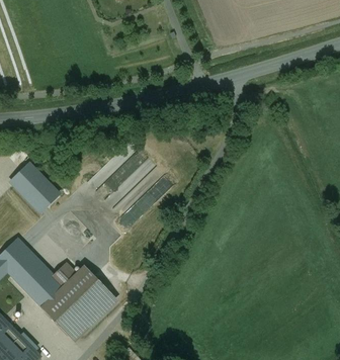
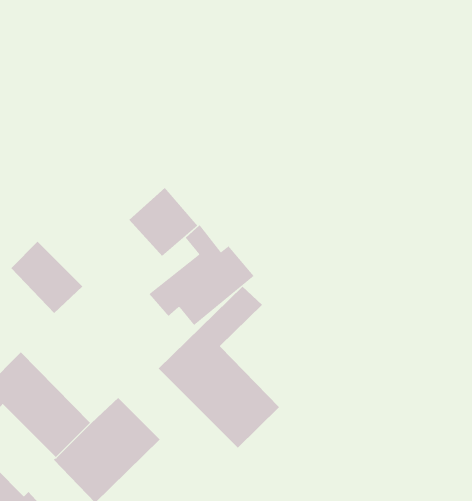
building: none -> [128,187,198,257]
building: none -> [158,286,280,448]

